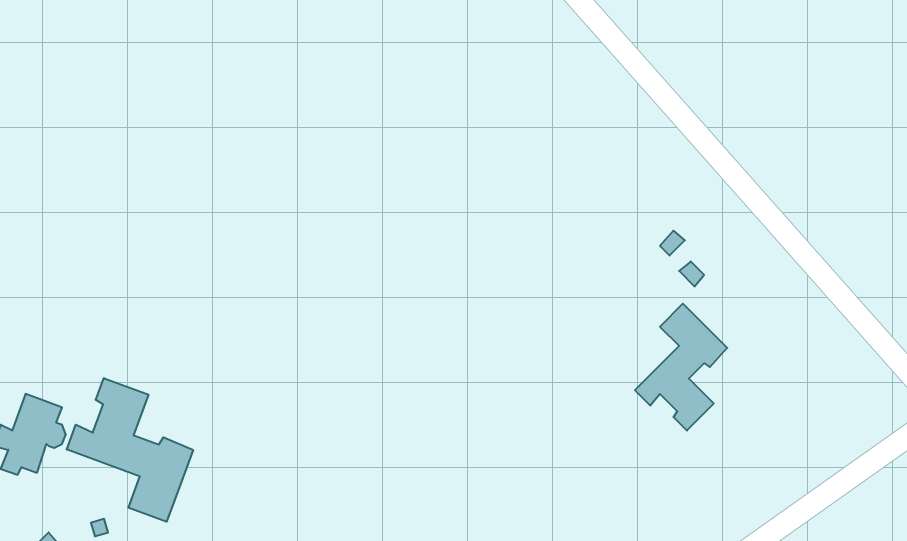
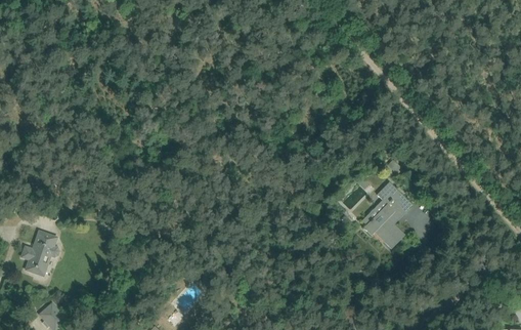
building: [67,378,193,522] -> none

